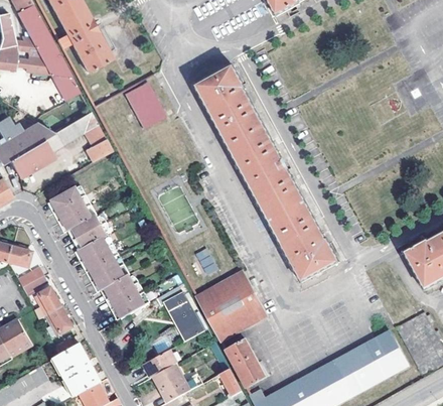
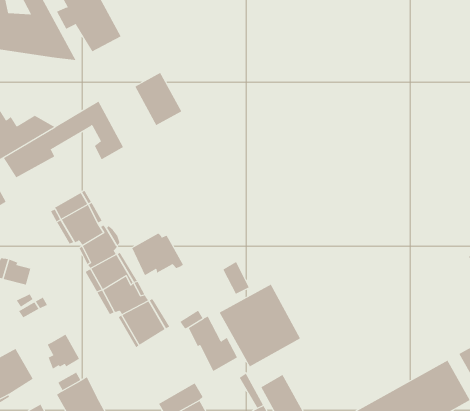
building: [201,64,344,276] -> none
building: [50,74,83,107] -> none
building: none -> [131,233,184,276]
building: [34,287,60,314] -> none

